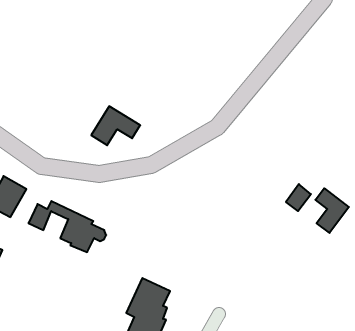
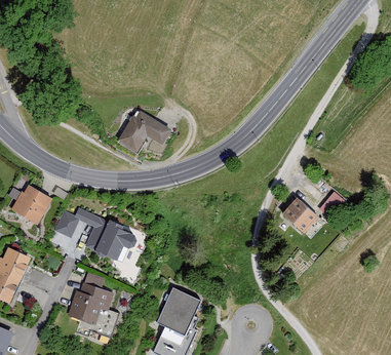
building: [315,188,349,233] -> none
building: none -> [282,196,319,233]
building: none -> [69,273,118,337]

